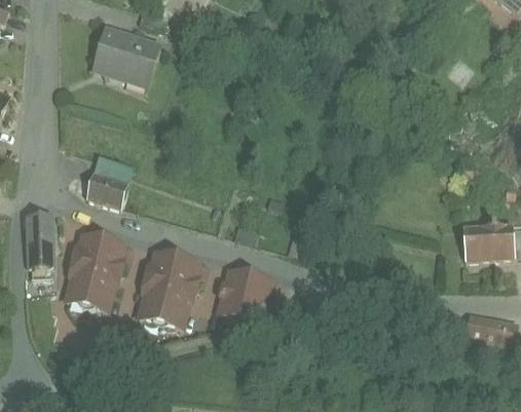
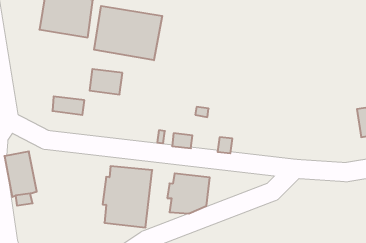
building: none -> [94,6,162,60]
building: [84,171,127,207] -> [90,69,122,94]
building: [63,231,127,311] -> none

